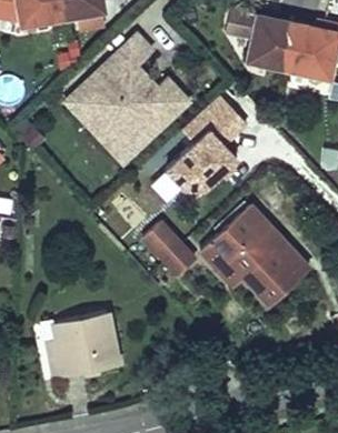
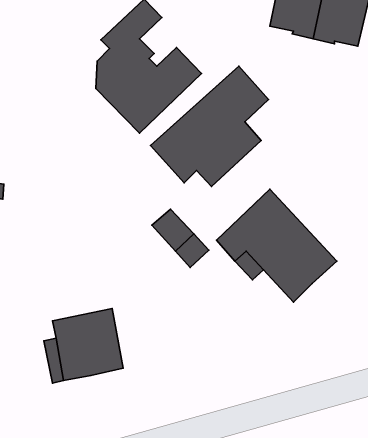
building: [67,72,132,163] -> none

